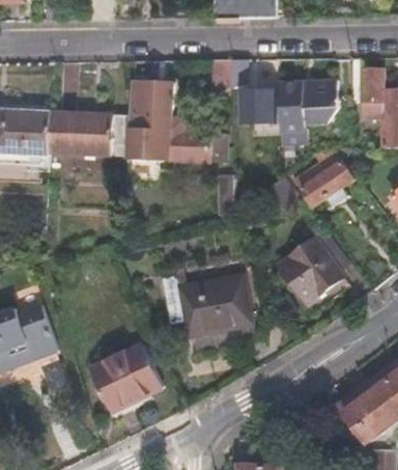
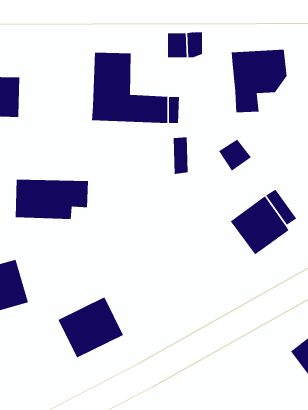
building: [239,92,275,126] -> none
building: [49,110,129,154] -> [15,179,89,219]
building: [296,149,351,205] -> none
building: [159,275,250,340] -> none

